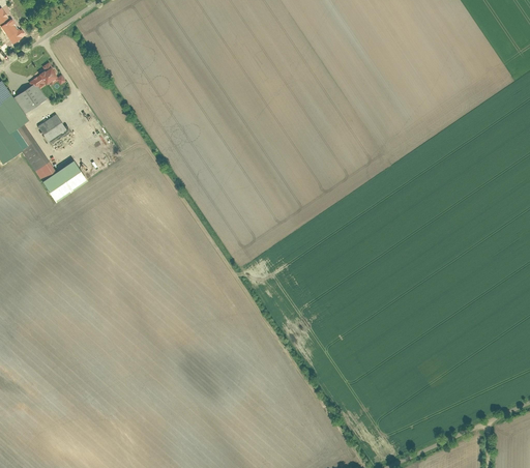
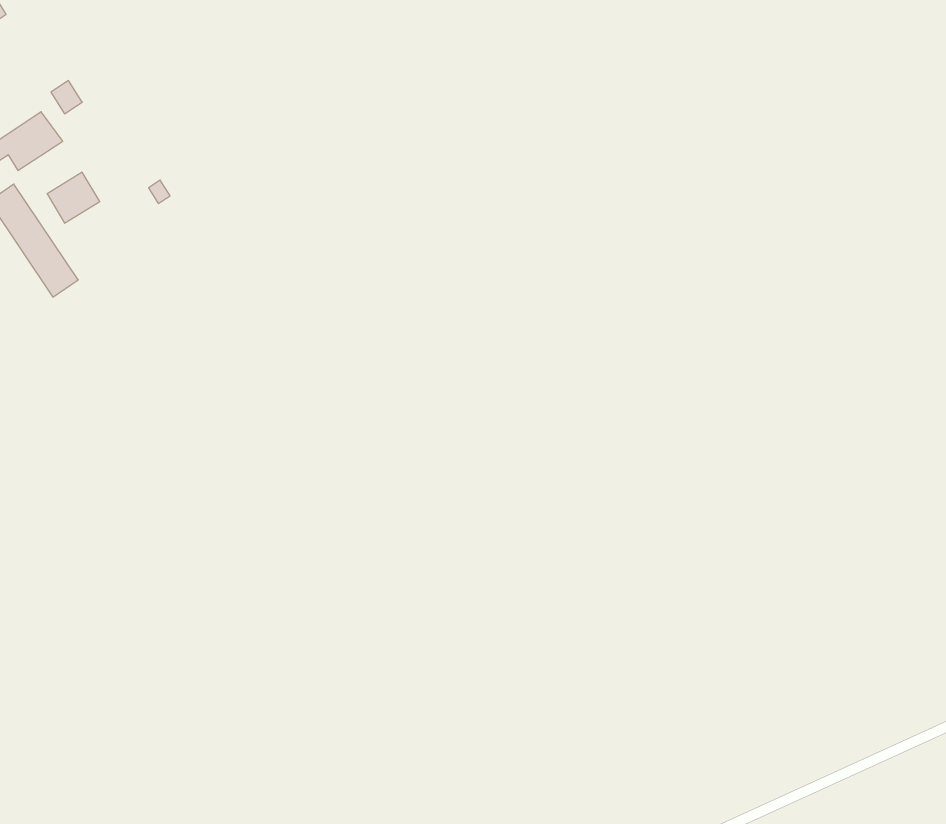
building: [43,159,89,201] -> none

